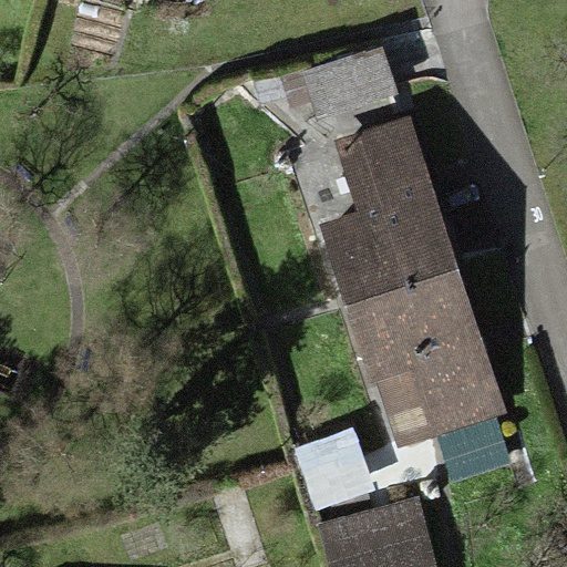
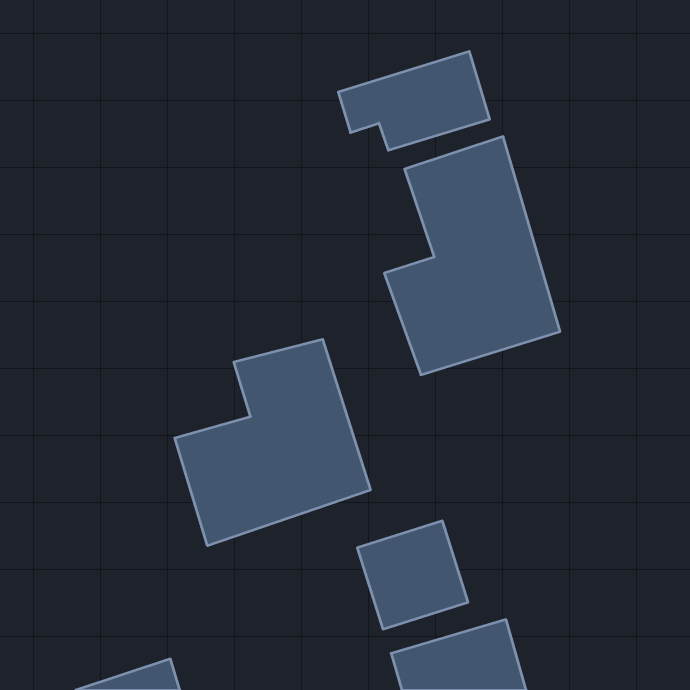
building: [344,271,516,474] -> none
building: none -> [175,339,370,546]

